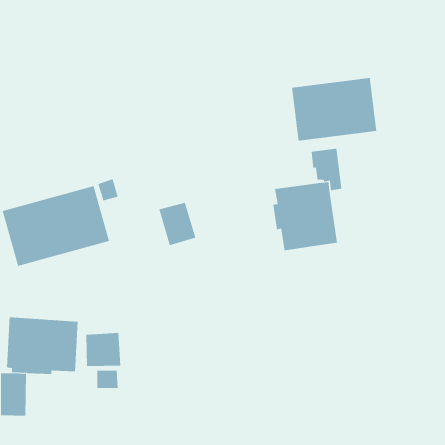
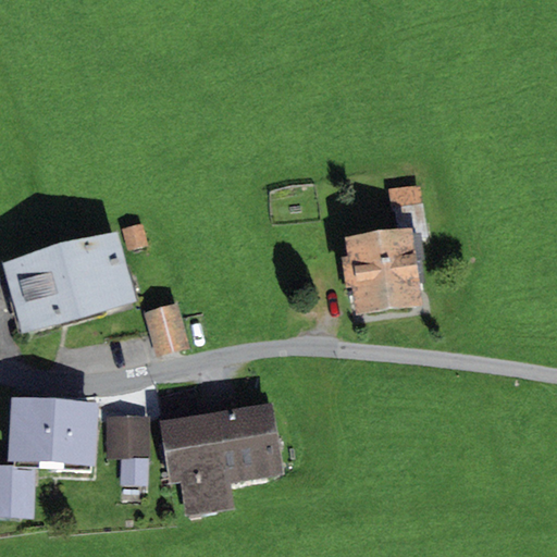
building: [292,77,377,142] -> none
building: [159,202,196,246] -> [144,304,190,358]
building: none -> [158,400,285,516]

